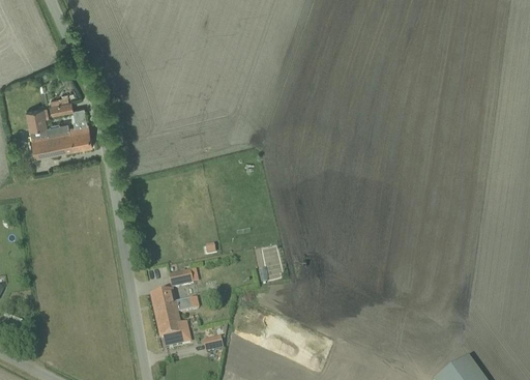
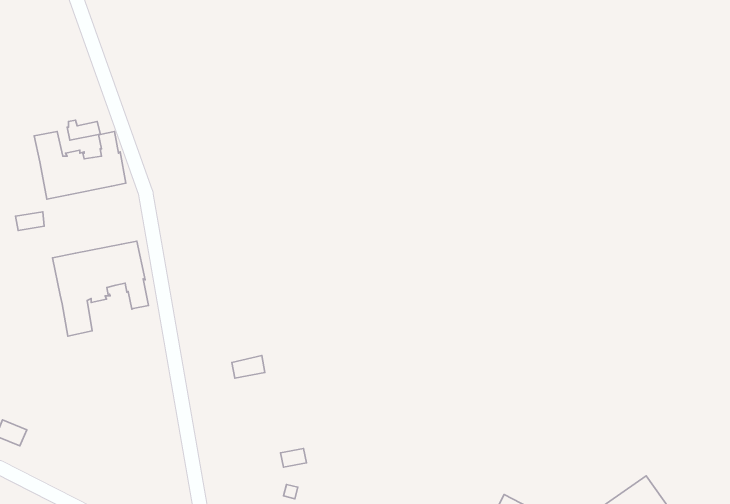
building: none -> [53,241,148,336]
building: [150,288,192,345] -> none

